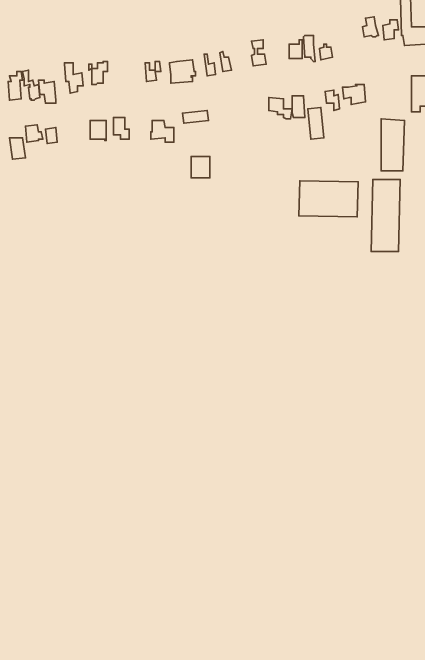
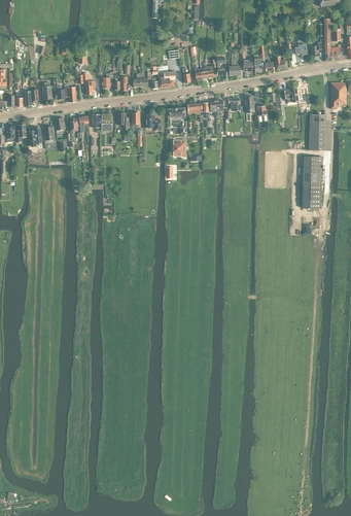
building: [299,181,358,217] -> none

